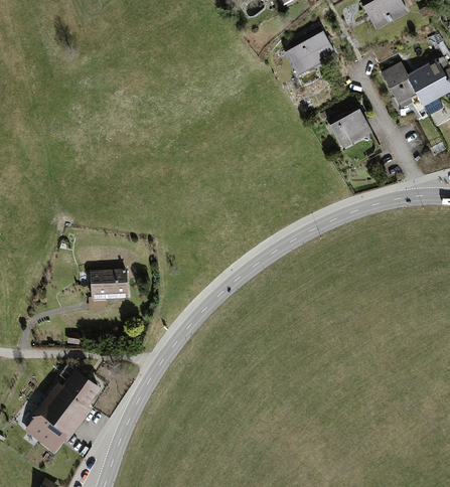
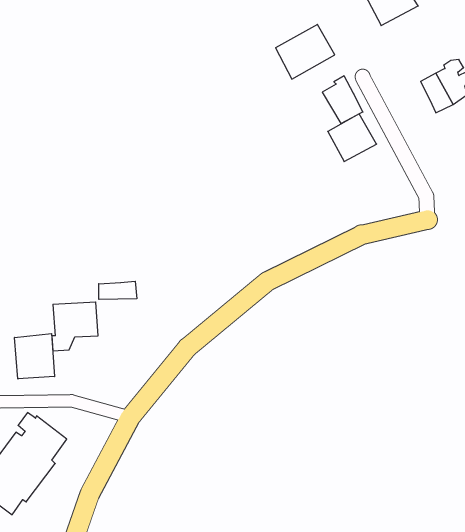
building: [382,62,417,104] -> [322,76,363,124]
building: none -> [99,281,137,299]
building: none -> [15,334,55,379]

